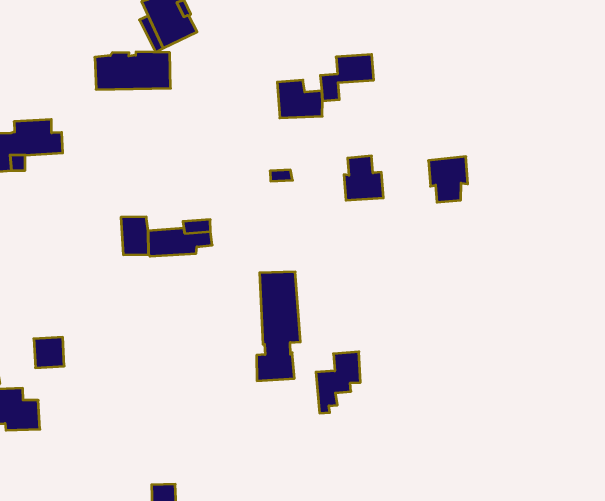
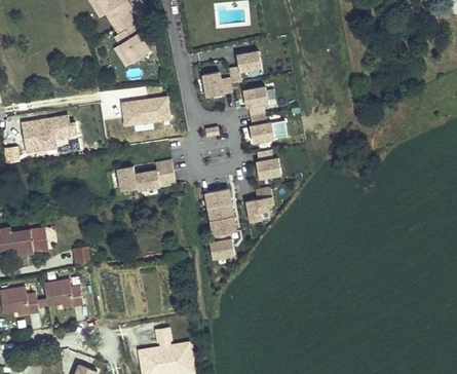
building: [95,52,171,89] -> [121,97,169,124]
building: [428,157,468,202] -> [242,86,268,116]
building: none -> [256,149,280,178]
building: [316,352,360,413] -> [245,186,273,226]

